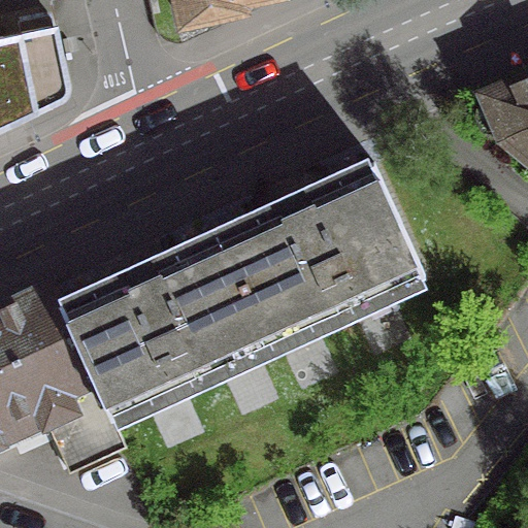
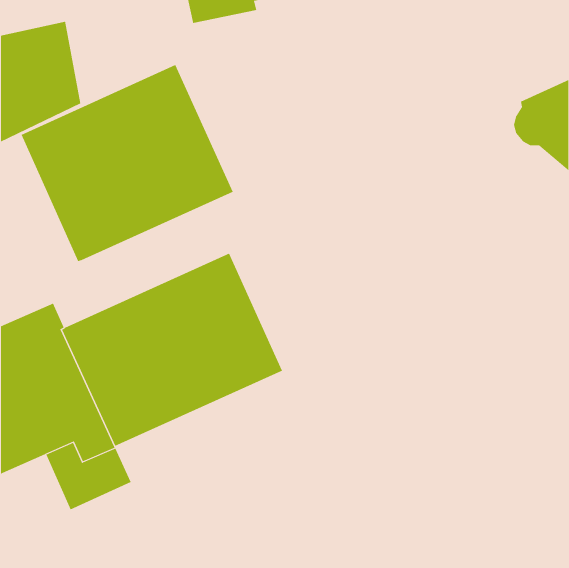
building: none -> [21,64,233,262]
building: [212,164,418,343] -> none

